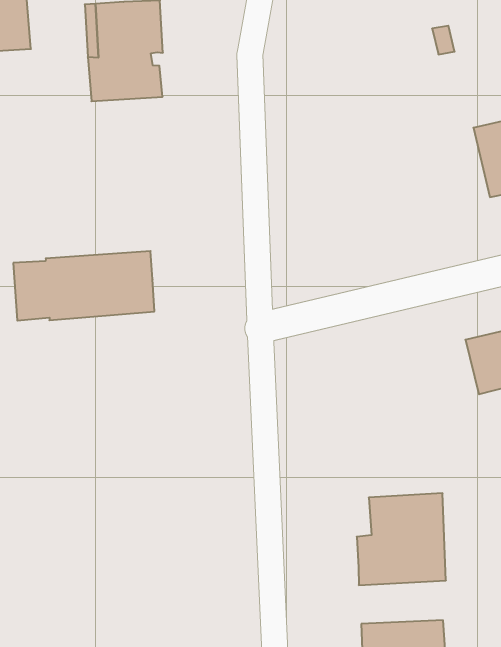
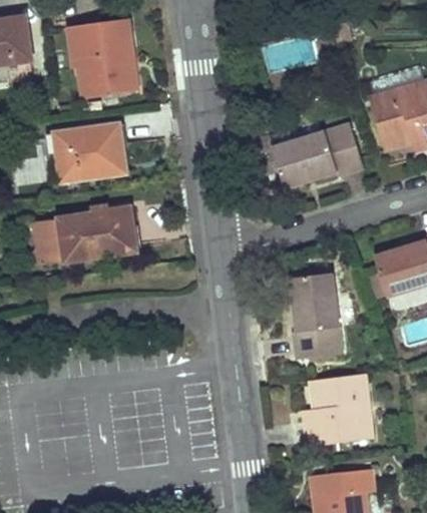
building: none -> [54,123,126,183]
building: none -> [254,123,363,187]
building: none -> [291,273,342,359]

